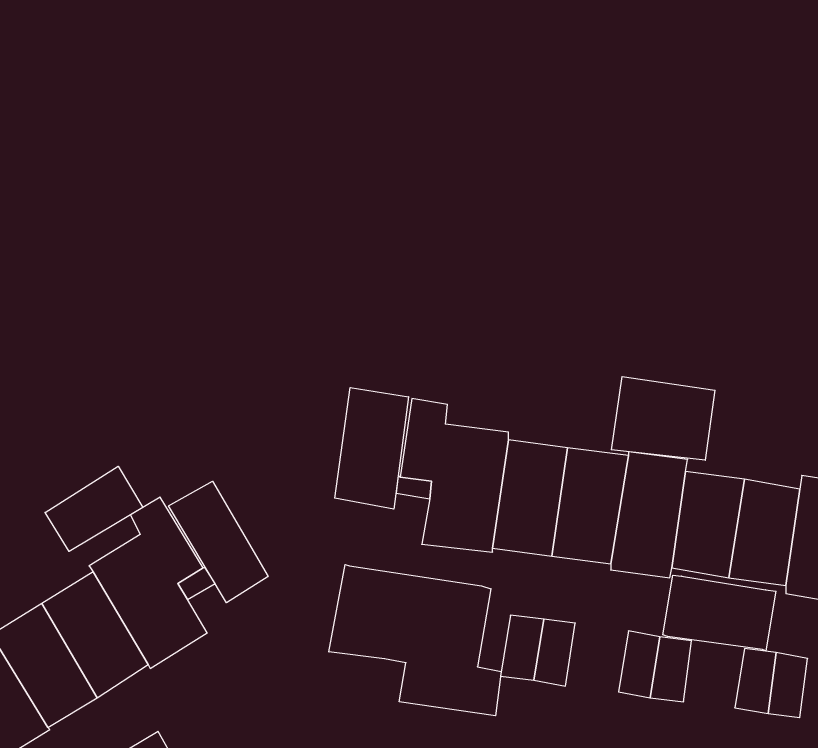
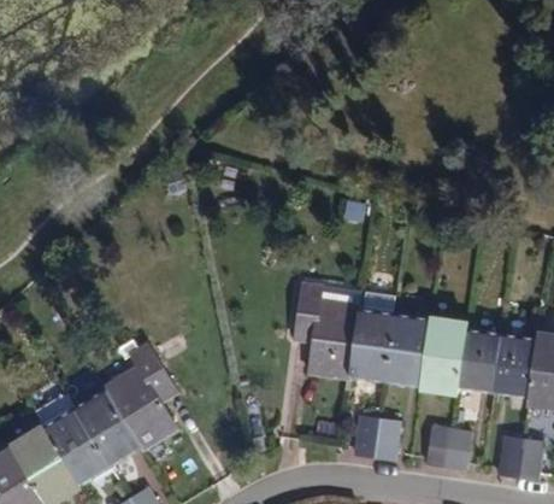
building: [611,377,715,460] -> none
building: [335,388,409,509] -> none
building: [45,466,143,551] -> none
building: [169,481,268,603] -> none
building: [329,565,501,716] -> none
building: [663,575,776,651] -> none

